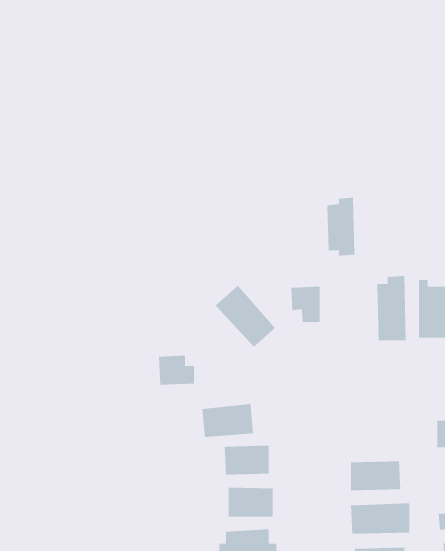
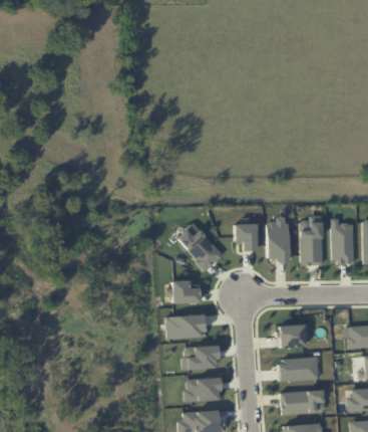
building: [326,197,355,256] -> [267,217,289,262]
building: [158,355,195,385] -> [171,280,200,303]
building: none -> [279,325,311,348]

